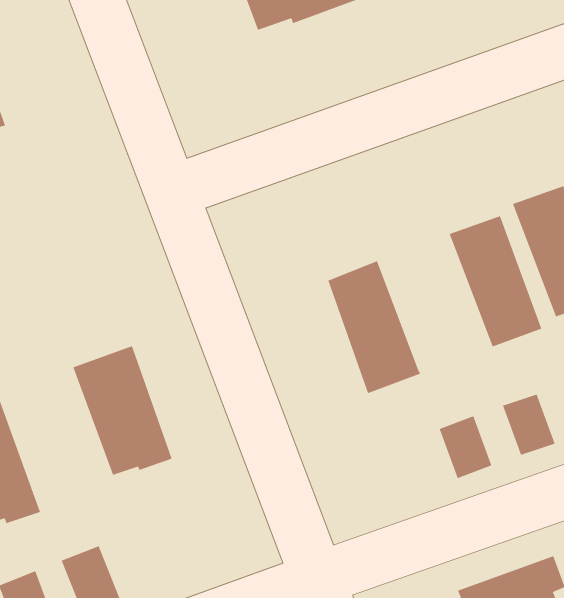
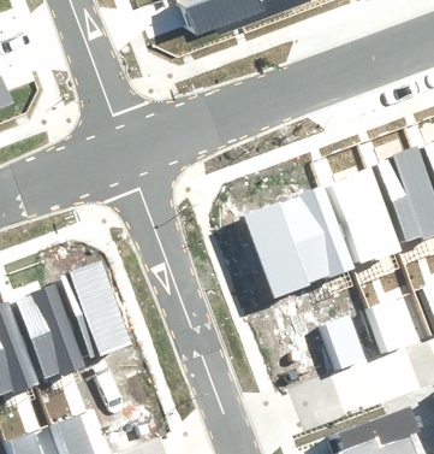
building: none -> [280,184,356,281]
building: none -> [13,282,85,376]

